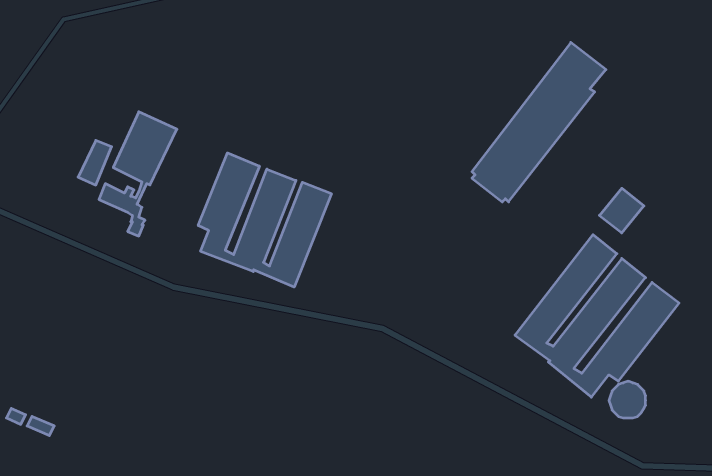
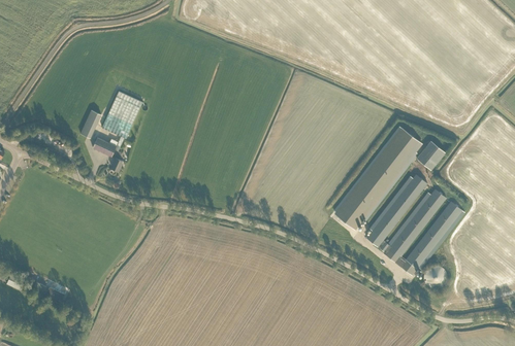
building: [472,42,606,202] -> [334,126,421,229]
building: [198,153,331,287] -> none

